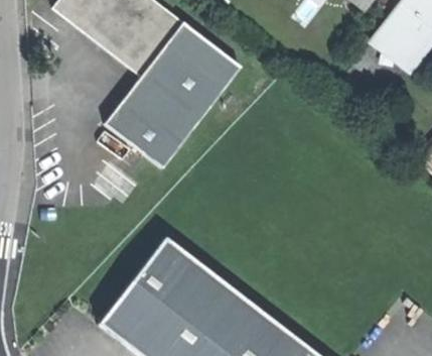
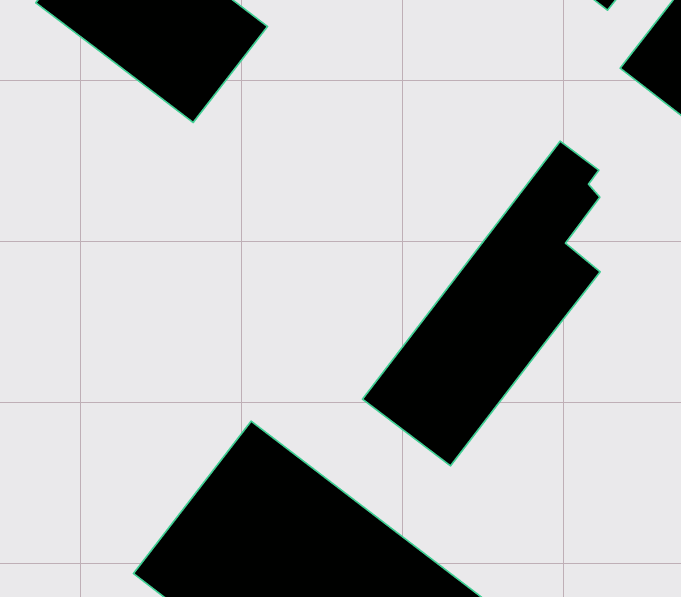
building: [102,20,237,164] -> none
building: none -> [362,141,600,466]

